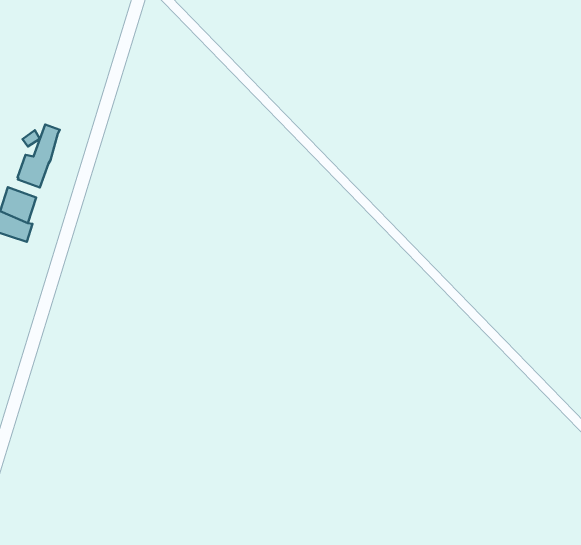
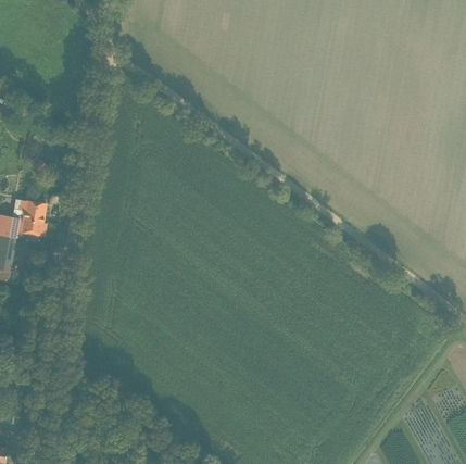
building: [17,125,60,188] -> none

